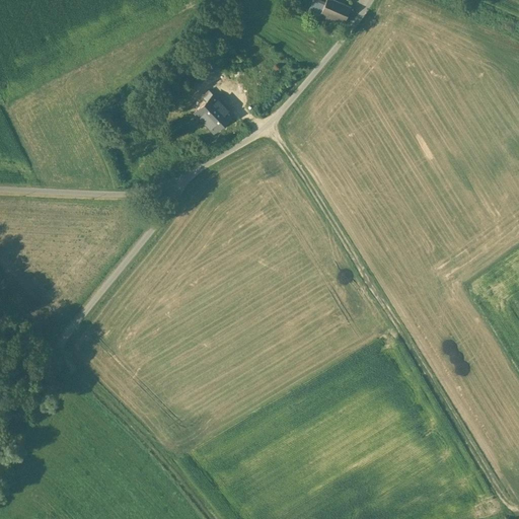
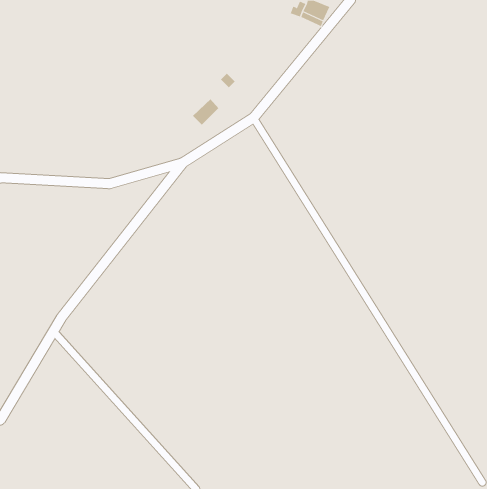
building: [196,90,225,123] -> none

